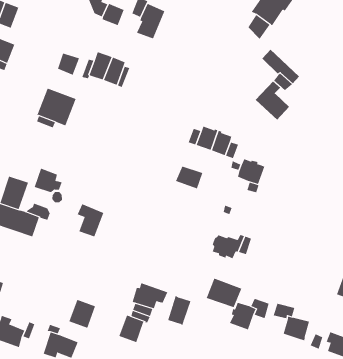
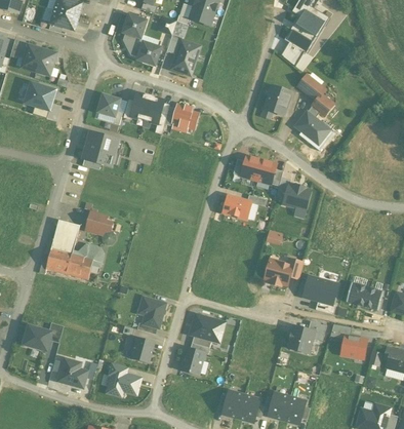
building: none -> [264,85,291,116]
building: none -> [172,105,198,128]
building: [77,204,104,237] -> [138,296,165,327]
building: none -> [345,281,381,309]
building: [206,278,242,308] -> [302,275,337,303]
building: [168,295,191,326] -> none

